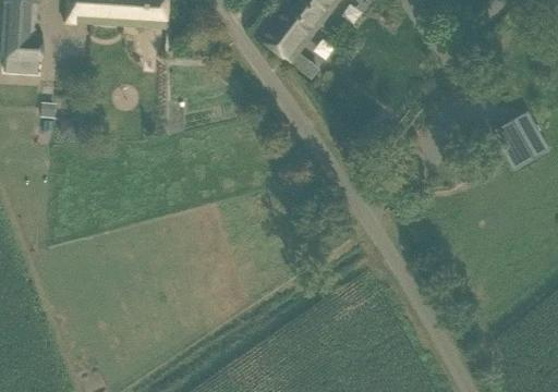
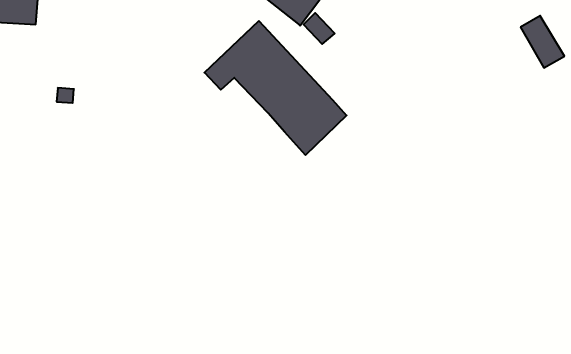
building: none -> [204,21,347,155]
building: [496,119,537,168] -> [521,16,564,68]

